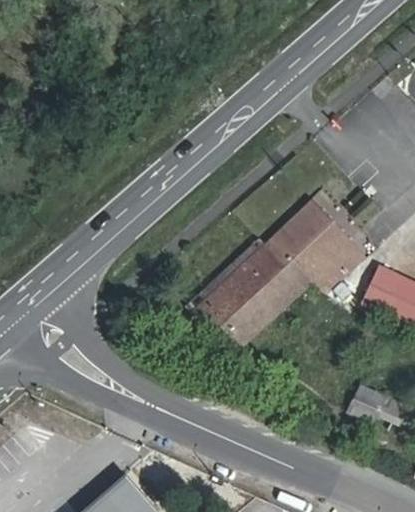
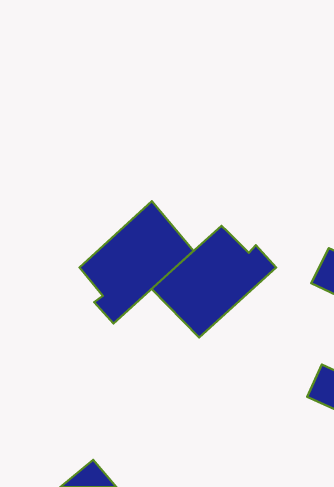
building: [268,203,362,290] -> none
building: none -> [80,201,193,323]

